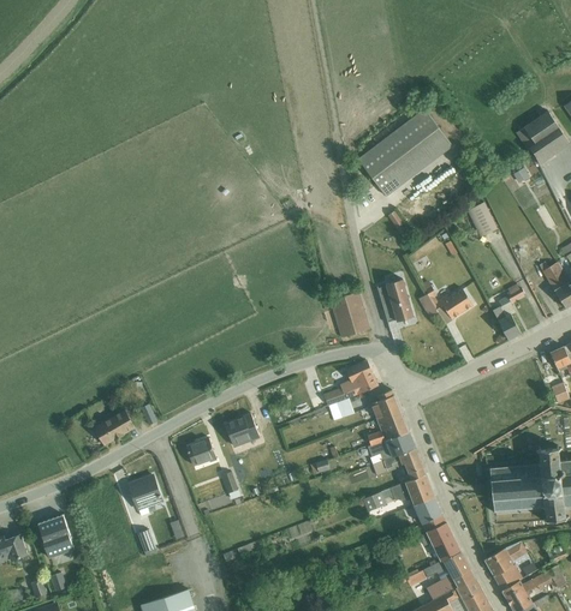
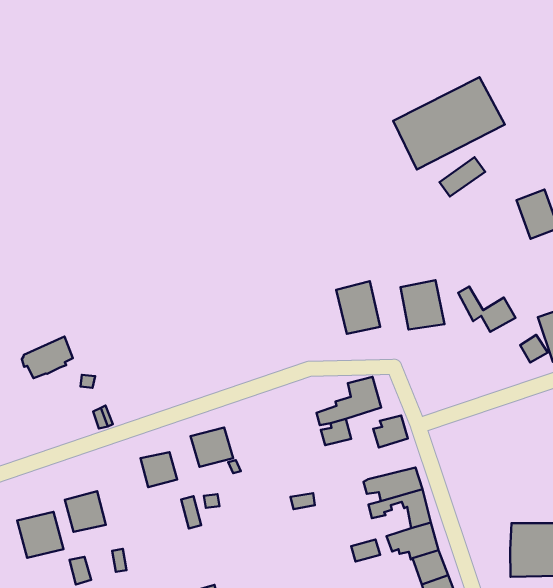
building: [367,408,408,444] -> none
building: [93,409,133,445] -> [22,337,73,378]
building: none -> [17,512,64,558]

